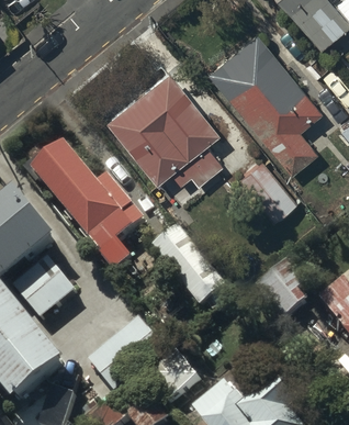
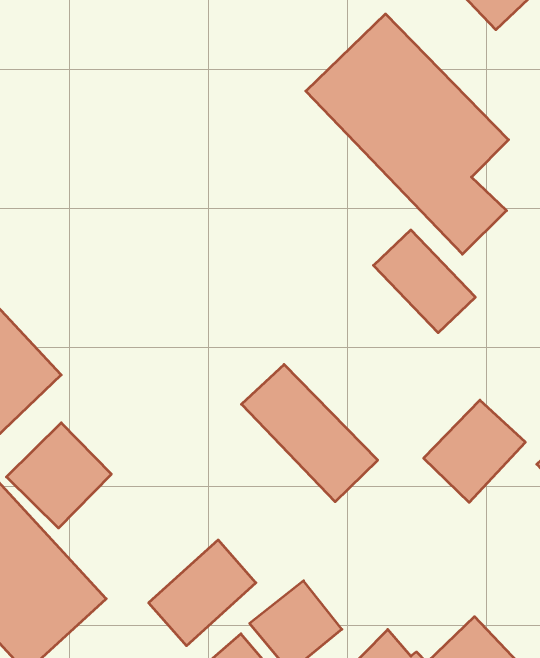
building: [103,74,219,187] -> none
building: [31,138,143,269] -> none

